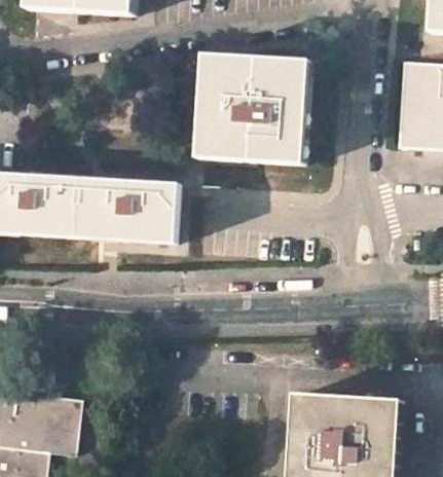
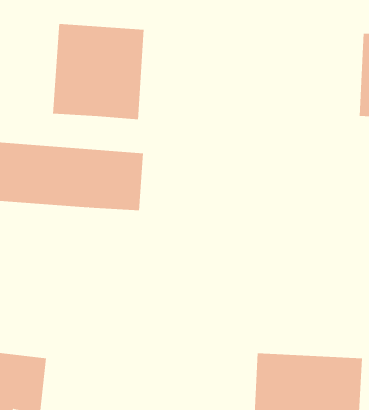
building: none -> [52,23,144,120]
building: [201,57,311,167] -> none

